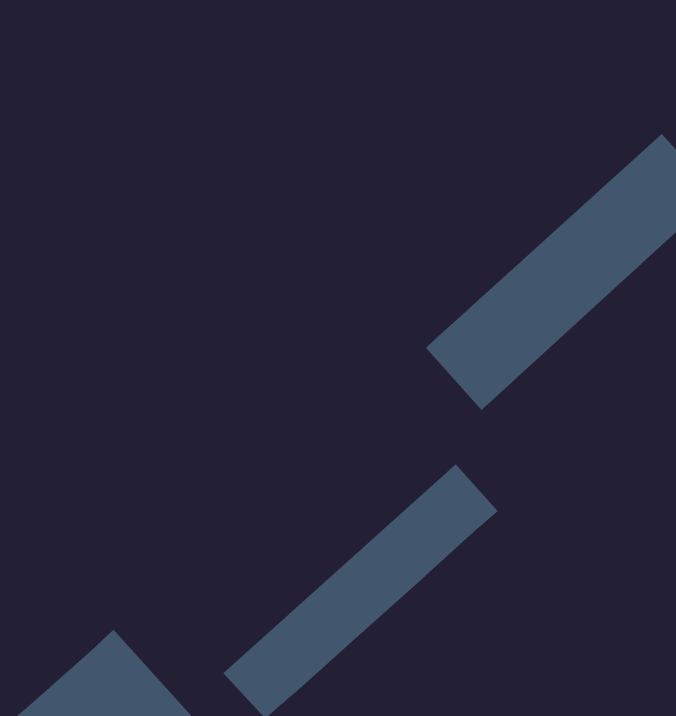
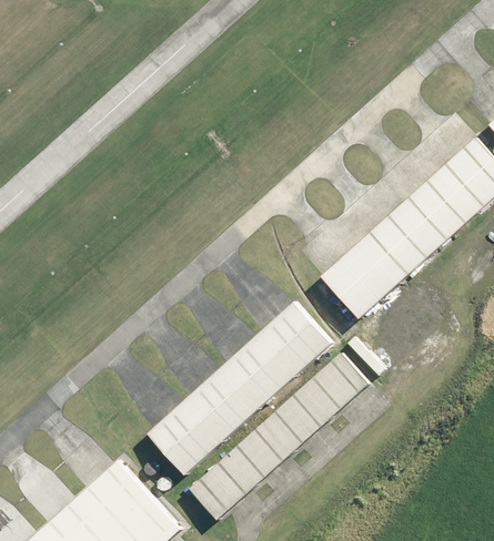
building: none -> [148,300,332,476]

